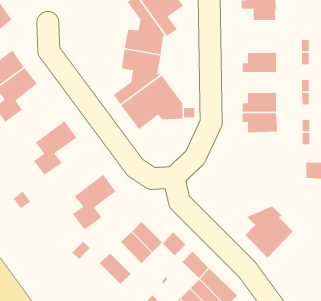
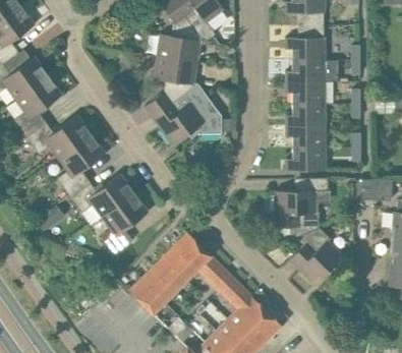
building: none -> [286,25,325,60]
building: none -> [286,82,325,104]
building: none -> [26,115,92,159]
building: none -> [286,148,326,171]
building: none -> [69,174,134,218]
building: none -> [275,178,331,240]
building: none -> [176,233,211,269]
building: none -> [141,268,176,303]

